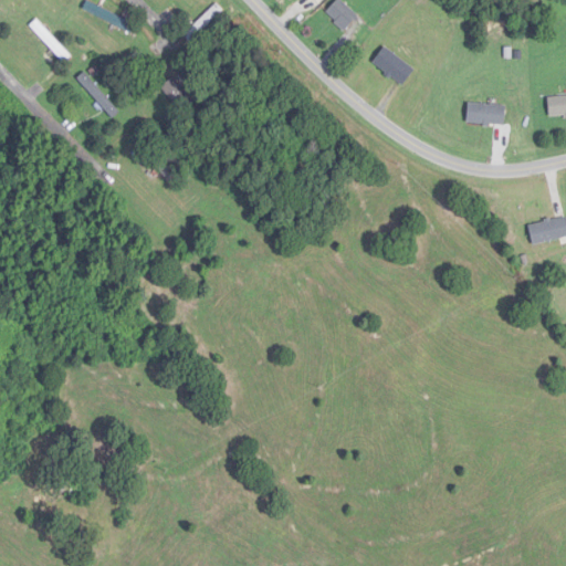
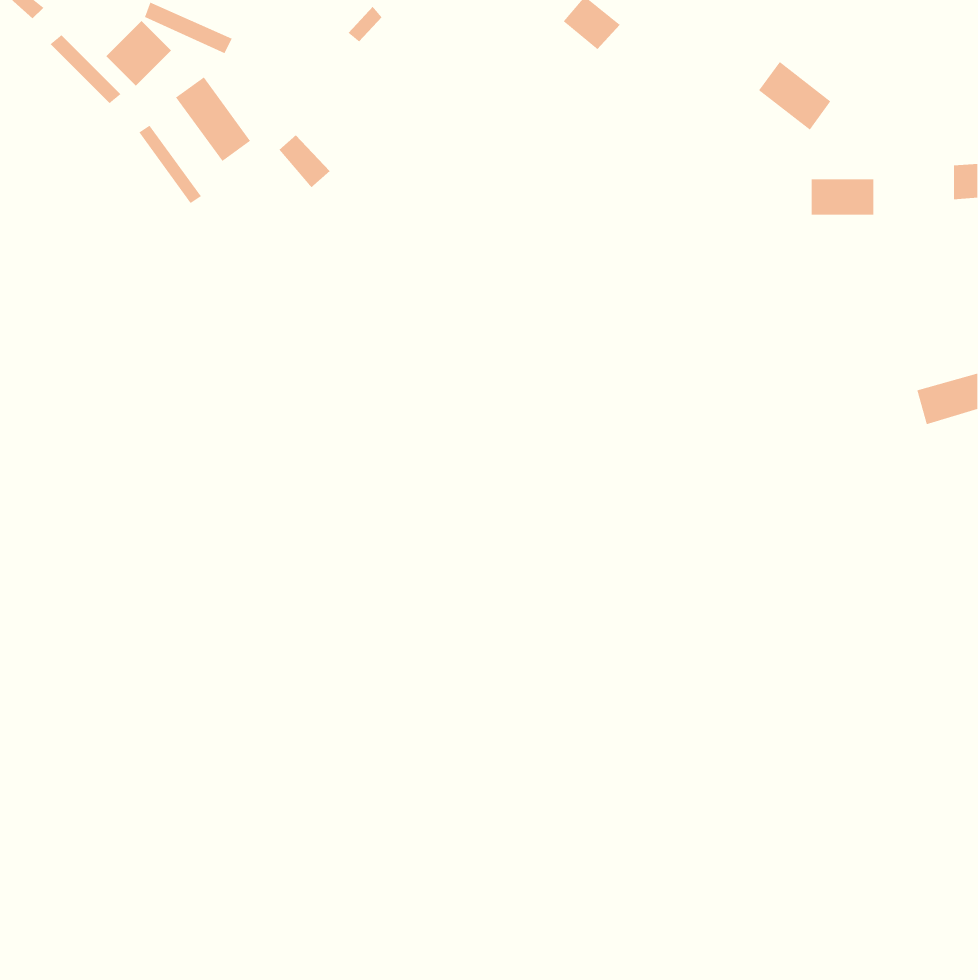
building: none -> [106,20,172,86]
building: none -> [175,76,251,162]
building: [371,45,413,85] -> [758,61,831,130]

